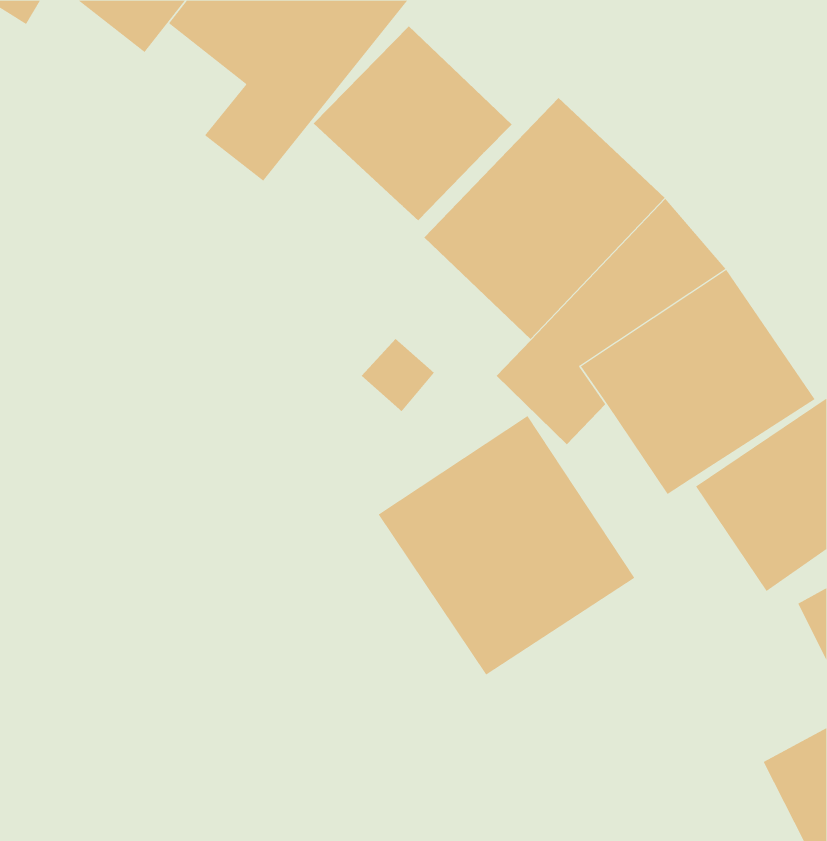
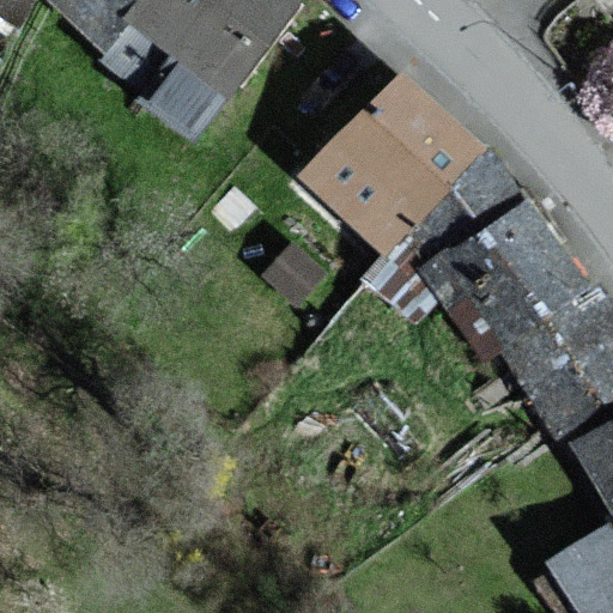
building: [313,26,512,221] -> none
building: [378,415,635,676] -> none

